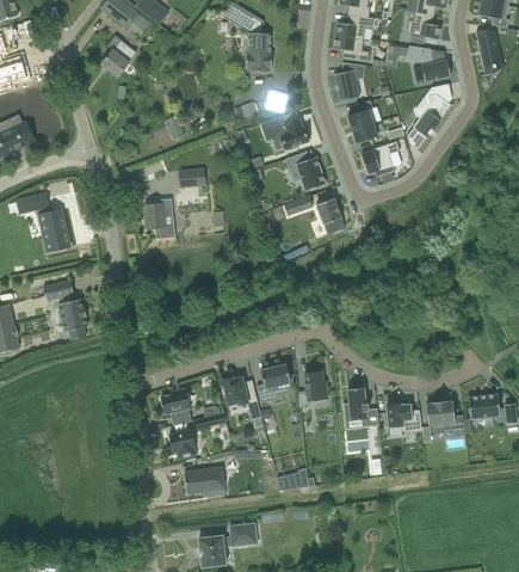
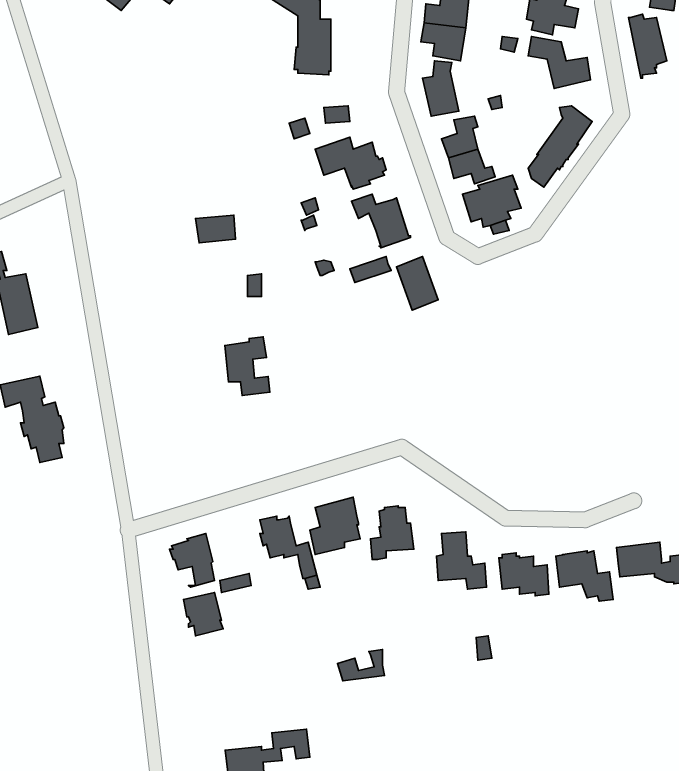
building: [101,39,137,76] -> none
building: [144,198,175,239] -> [225,337,270,396]
building: [184,466,225,496] -> none

